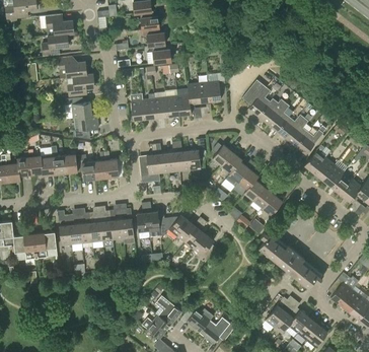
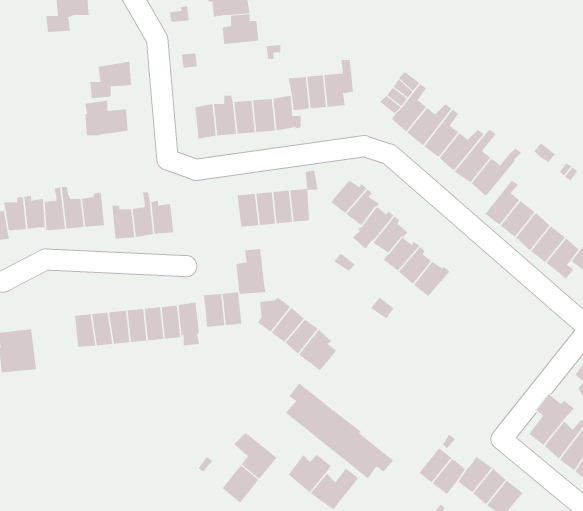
building: [59,57,86,78] -> none
building: [73,114,98,138] -> none
building: [141,153,159,181] -> [236,249,266,294]
building: [259,228,323,286] -> [285,382,394,479]
building: [33,231,57,258] -> none

